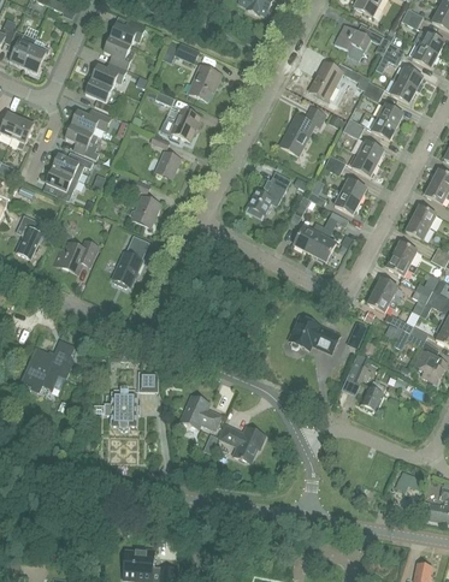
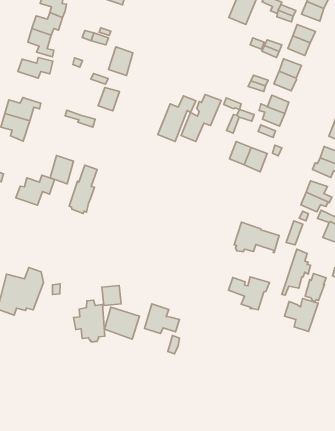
building: [188,64,221,100] -> none
building: [279,105,325,154] -> [158,96,196,141]
building: [65,123,99,158] -> none
building: [132,194,160,226] -> [50,155,74,184]
building: none -> [104,307,139,339]
building: none -> [284,299,318,331]
building: [220,423,266,462] -> [229,277,269,310]

